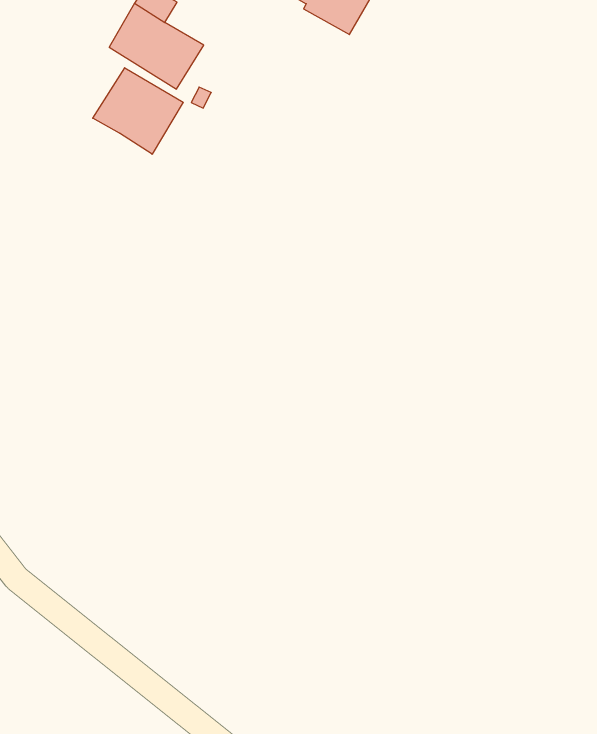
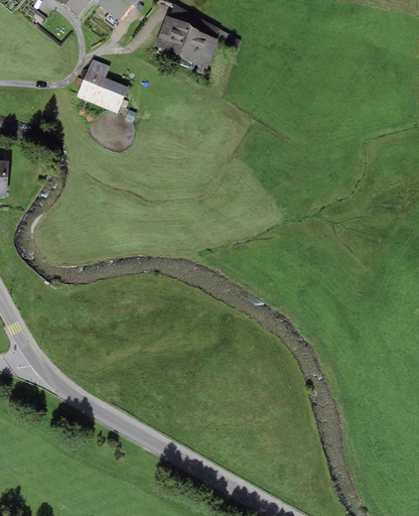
building: [93,68,183,154] -> none

